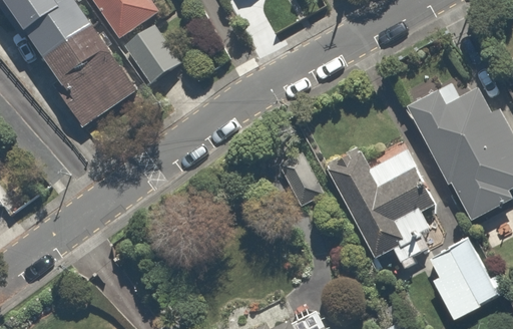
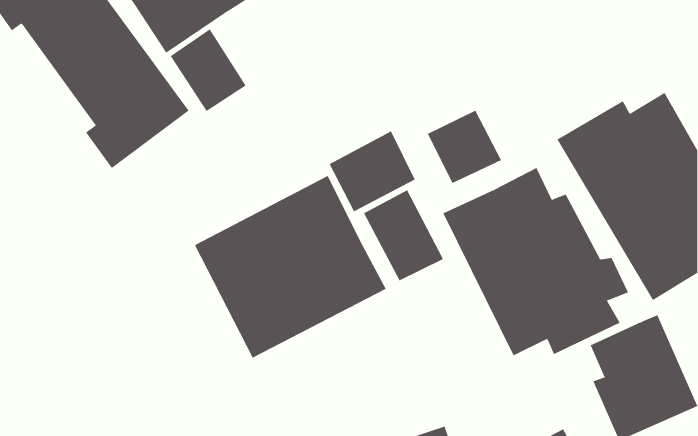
building: none -> [427,110,502,184]
building: none -> [329,130,416,212]
building: none -> [194,175,386,359]

